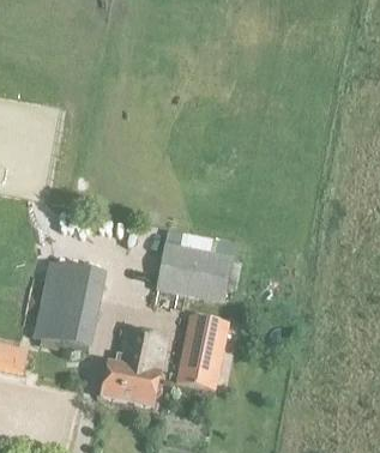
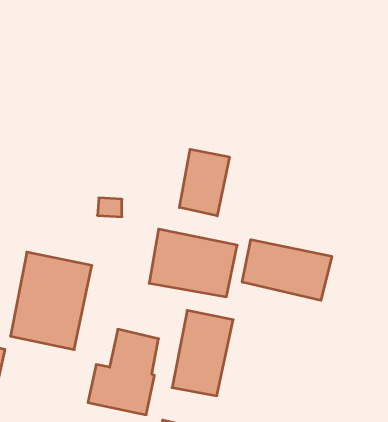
building: none -> [179,149,229,216]
building: none -> [242,240,332,300]

